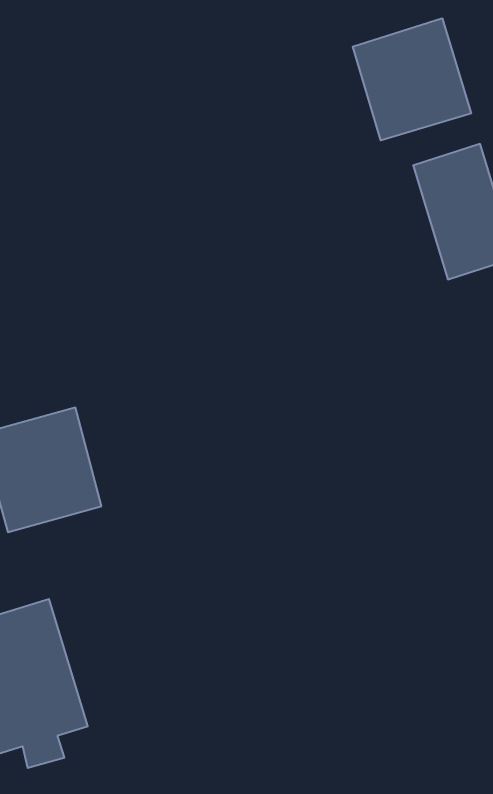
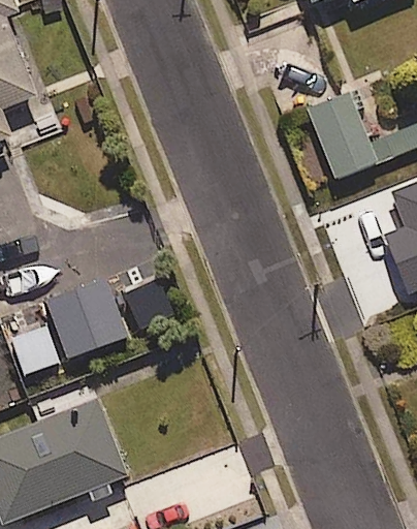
building: [353,18,471,140] -> none

